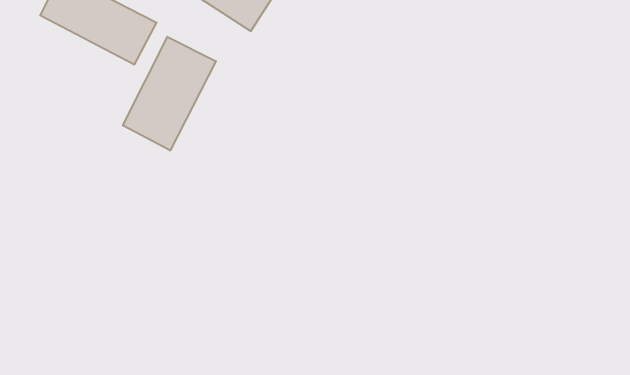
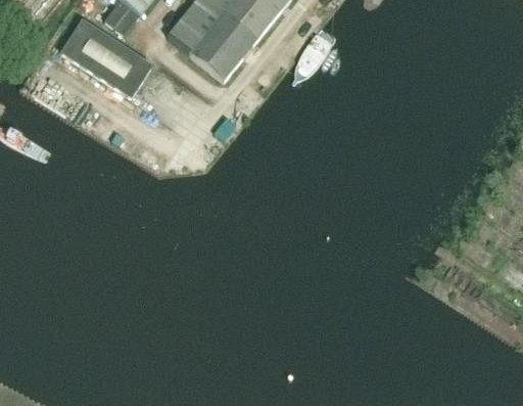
building: [123,37,216,151] -> none

